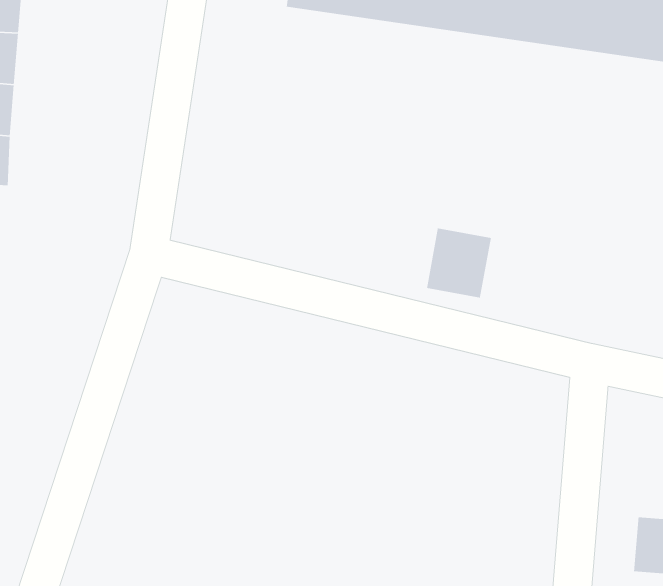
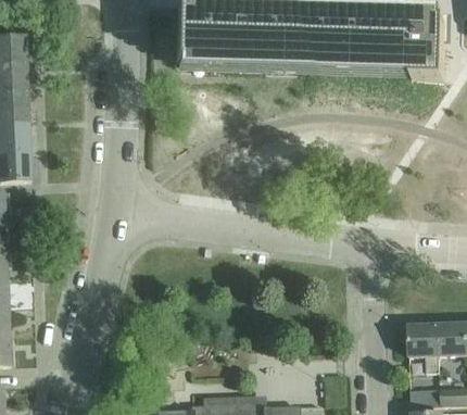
building: [426,227,492,299] -> none

